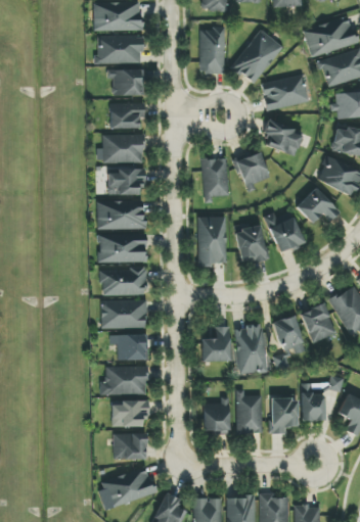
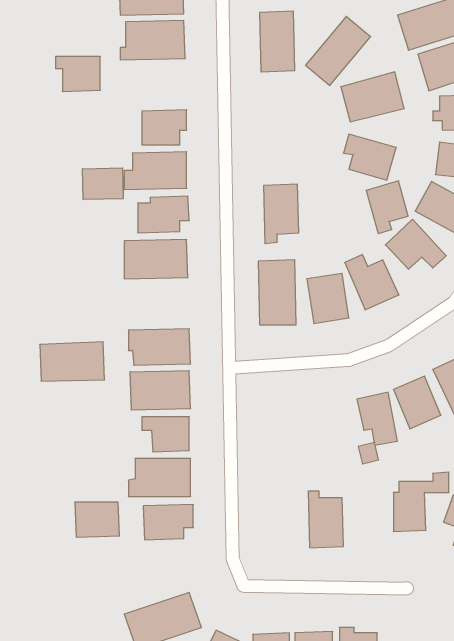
building: [107,69,141,96] -> [56,56,100,92]
building: none -> [83,168,123,200]
building: [237,152,269,192] -> [366,181,408,234]
building: [98,233,147,263] -> [40,342,105,381]
building: [234,324,268,375] -> none
building: [201,327,230,362] -> none
building: [271,398,299,433] -> none
building: [202,400,230,433] -> none
building: [114,433,147,460] -> [75,502,119,537]

